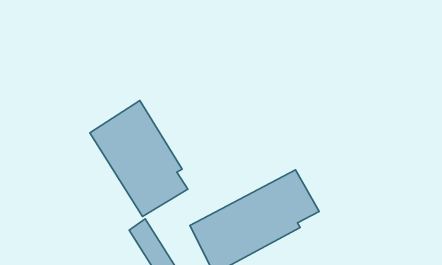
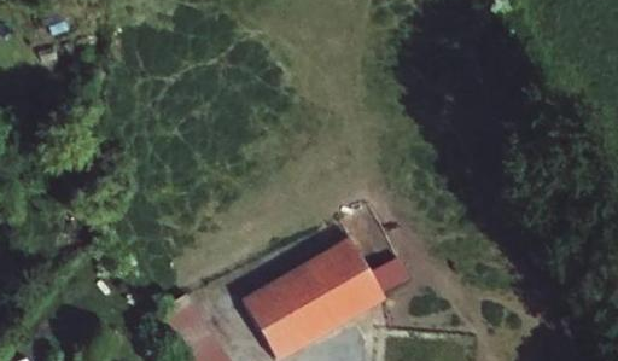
building: [90,100,188,216] -> none

